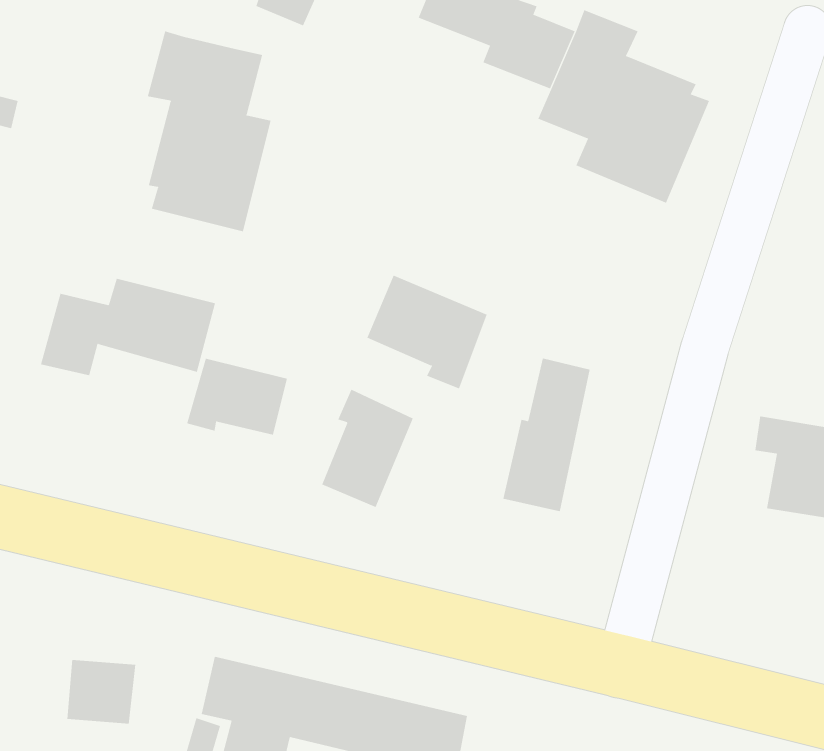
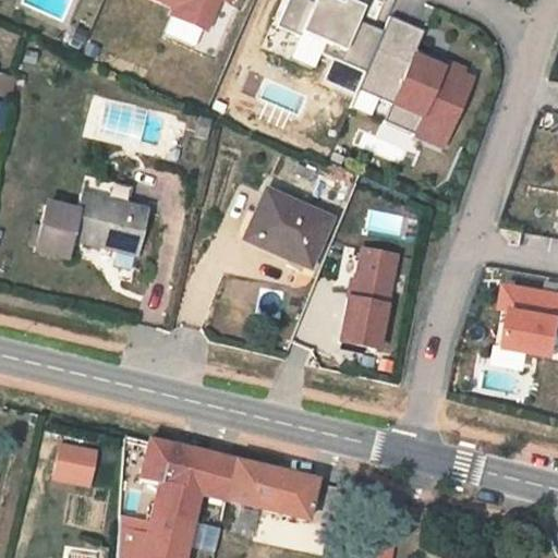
building: [147,31,271,232] -> none
building: [186,358,288,435] -> none
building: [321,389,414,508] -> none

